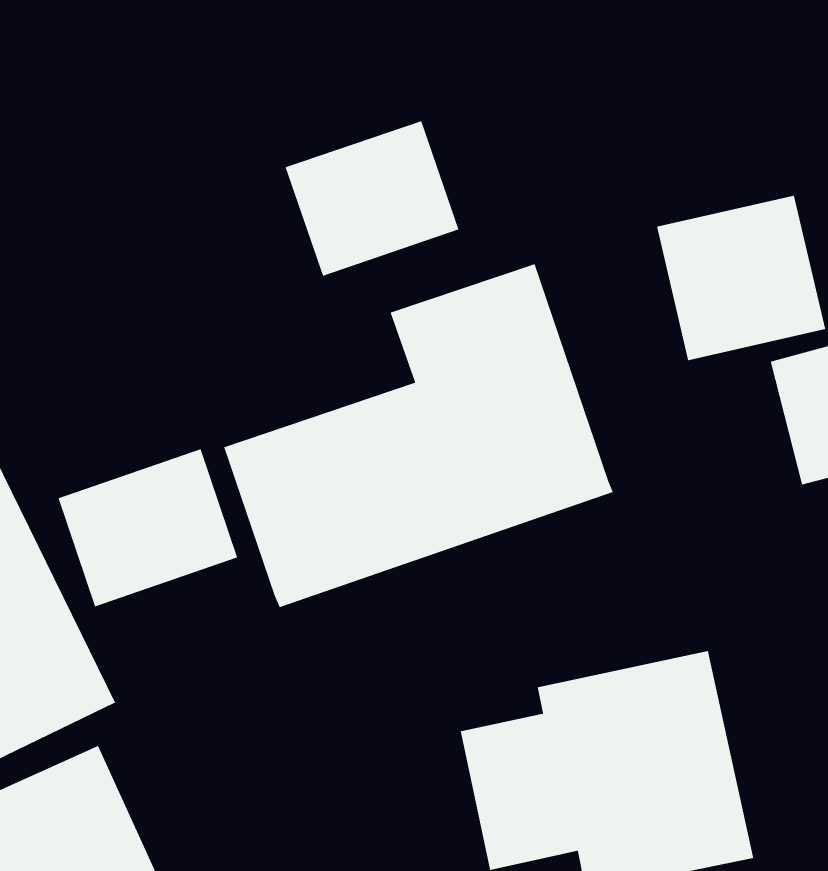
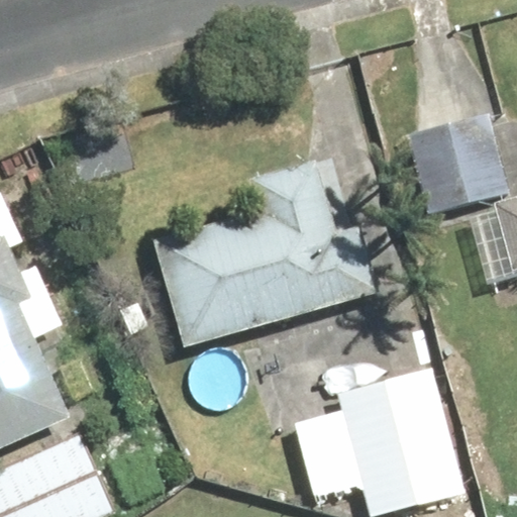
building: [285,120,460,277] -> none
building: [57,448,238,607] -> none

